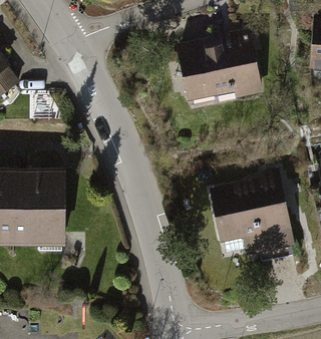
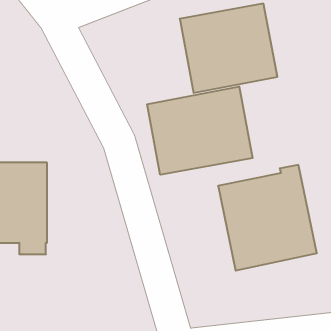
building: none -> [147,86,253,175]

